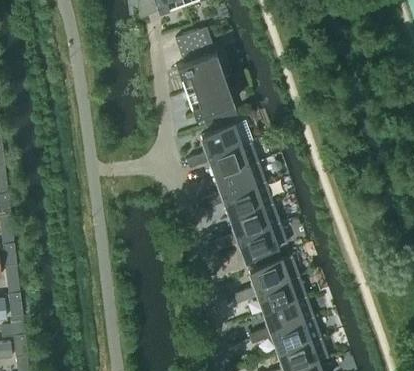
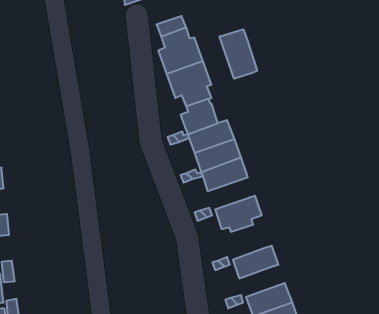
building: none -> [219,29,257,79]
building: [229,201,280,236] -> none
building: [248,252,298,290] -> none
building: [263,295,312,330] -> none

